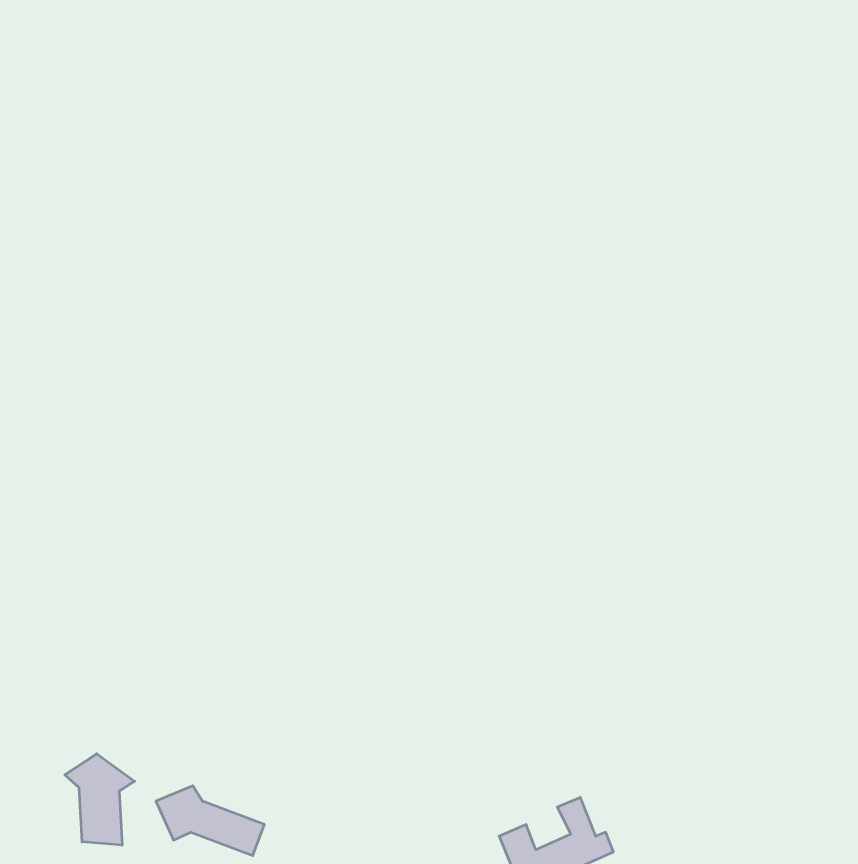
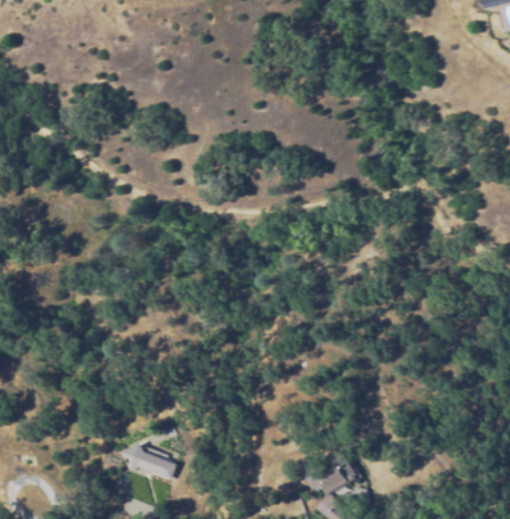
building: [65,754,135,845] -> none

